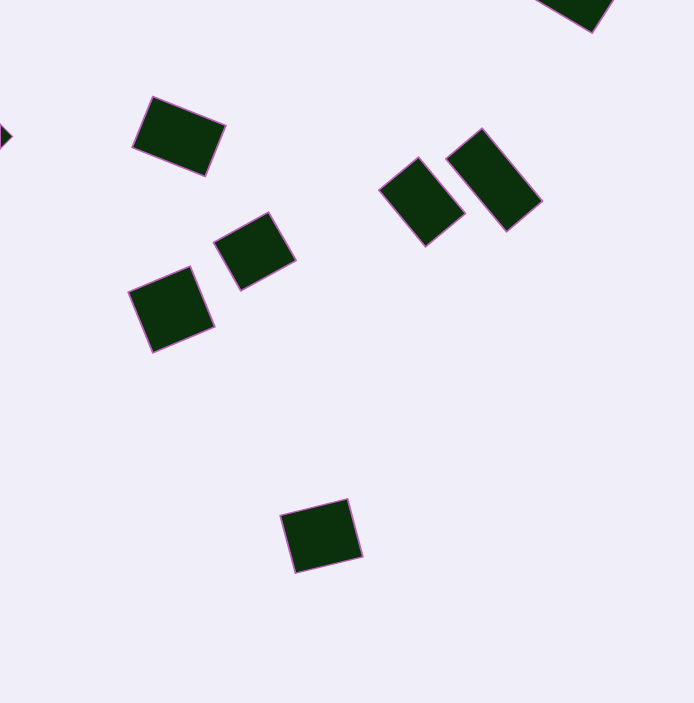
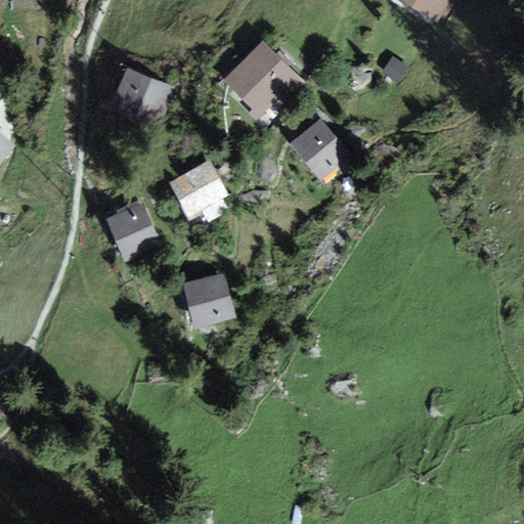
building: none -> [216,40,301,123]
building: [446,128,543,232] -> none
building: [280,499,363,573] -> [183,272,245,328]

